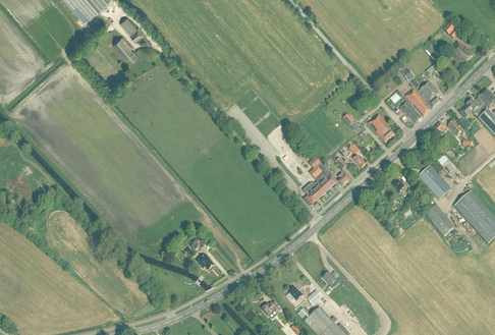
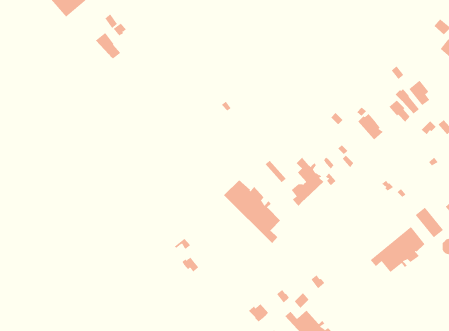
building: [418,165,450,200] -> none
building: none -> [223,179,281,244]
building: none -> [370,226,425,273]

